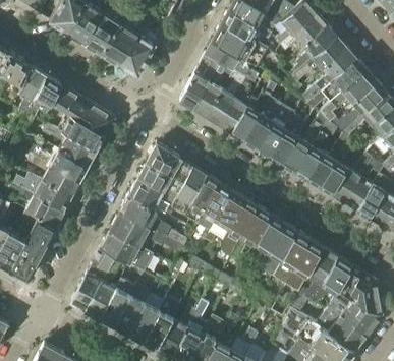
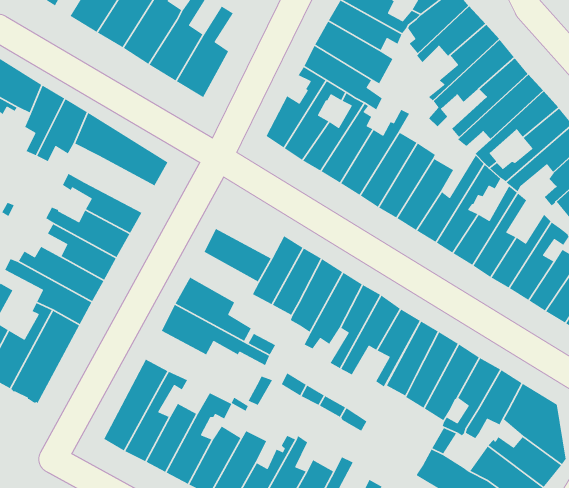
building: [59,114,106,152] -> none
building: [147,144,192,182] -> none
building: [129,178,175,215] -> none
building: [100,231,156,274] -> none

